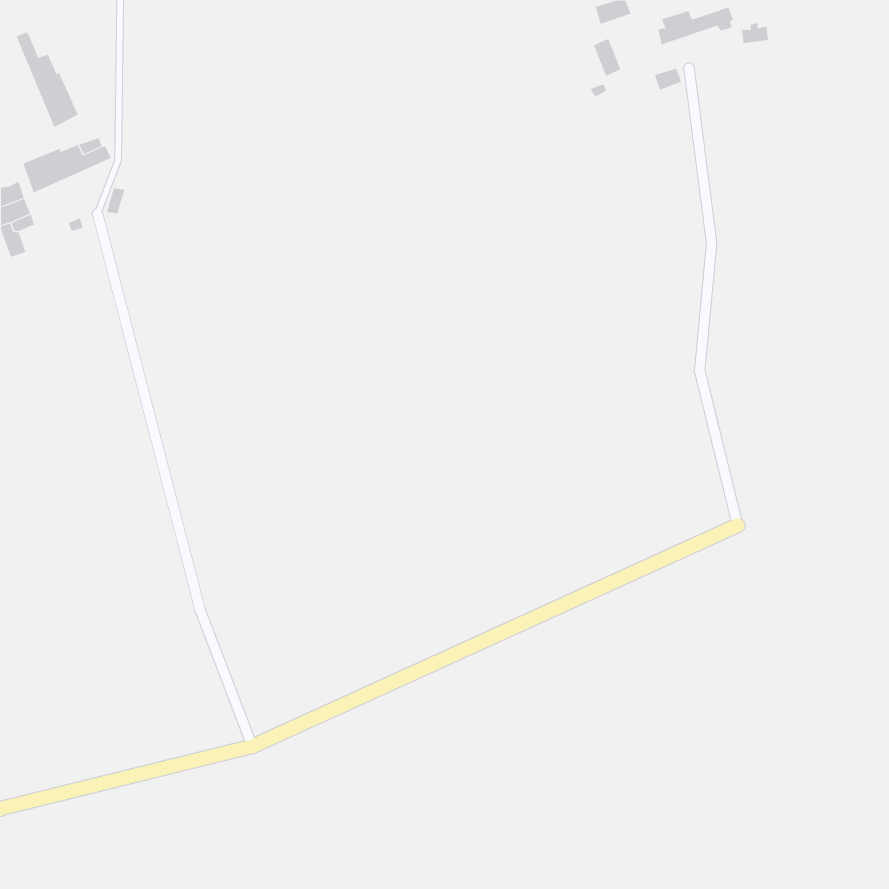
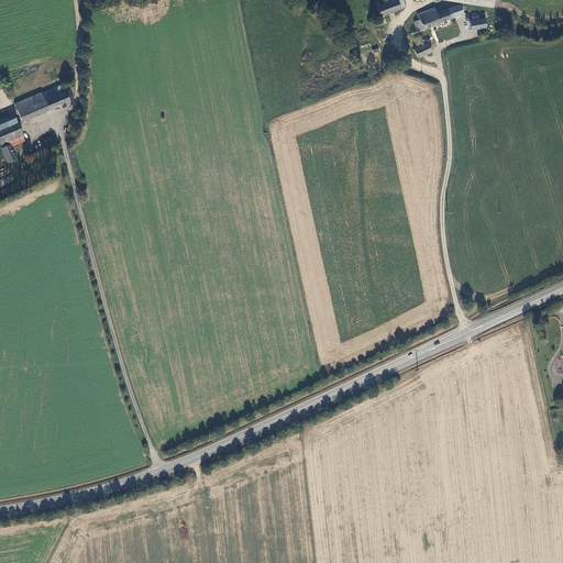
building: [16,32,78,128] -> none

